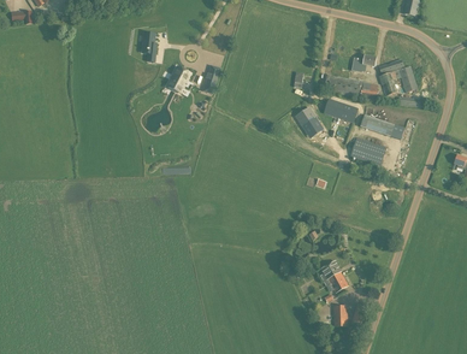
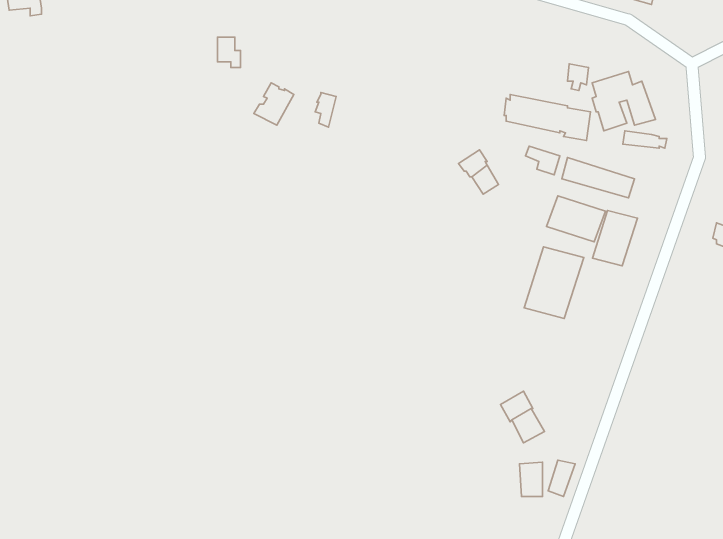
building: none -> [592,210,637,266]
building: none -> [524,247,584,319]

